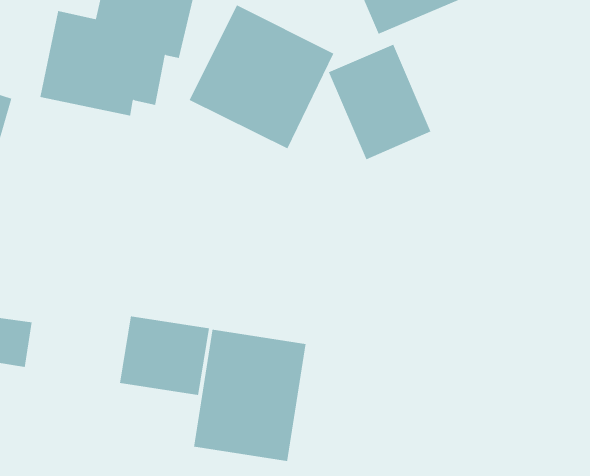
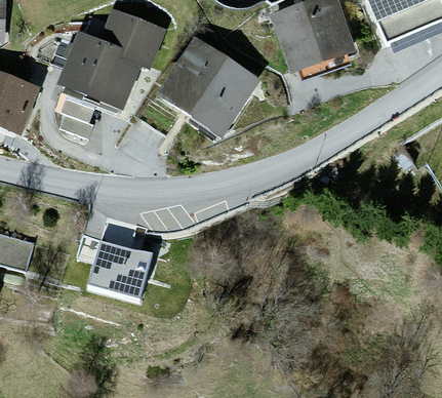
building: [328,44,431,160] -> none
building: [194,329,306,462] -> none

